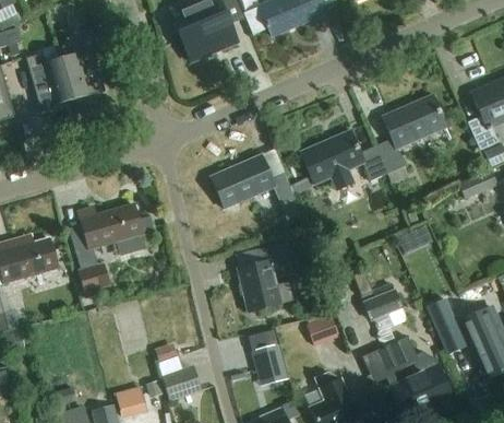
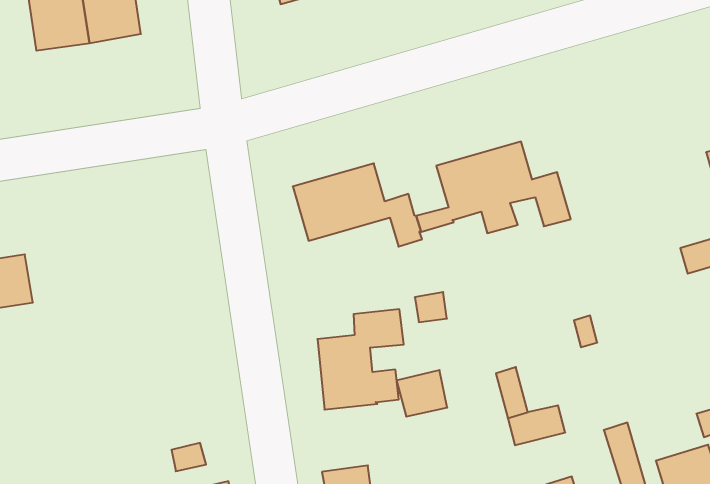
building: [375,94,446,181] -> none
building: [76,203,144,291] -> none
building: [305,312,339,343] -> [397,370,447,416]

